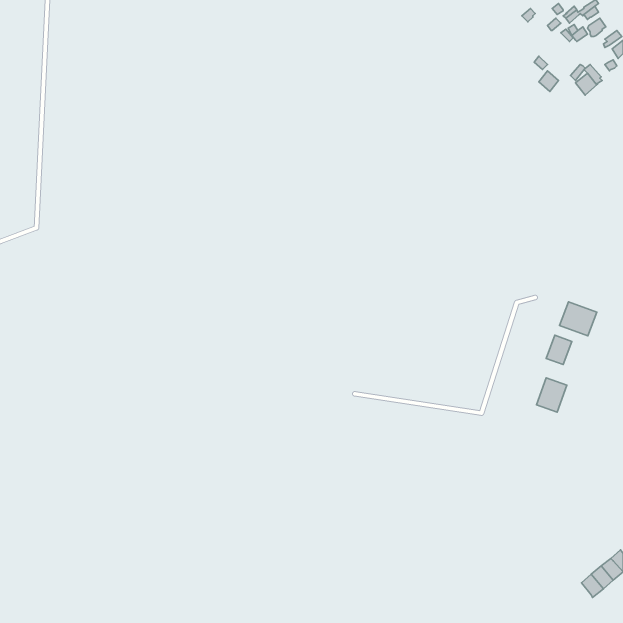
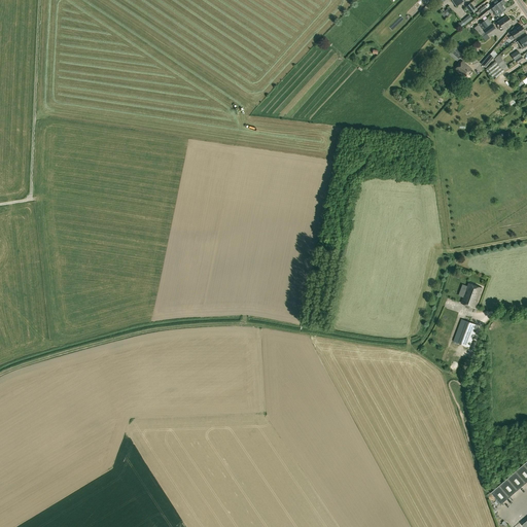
building: [560,302,597,336] -> none

